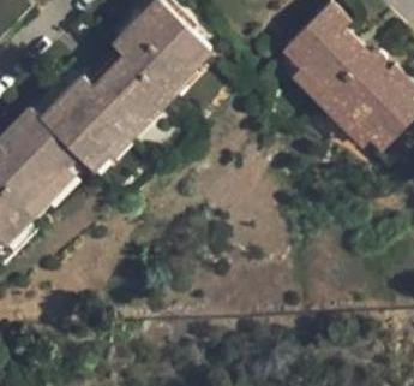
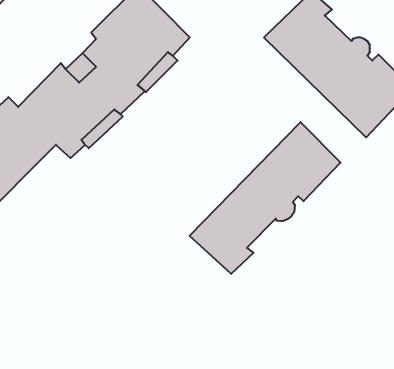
building: none -> [190,122,341,274]

